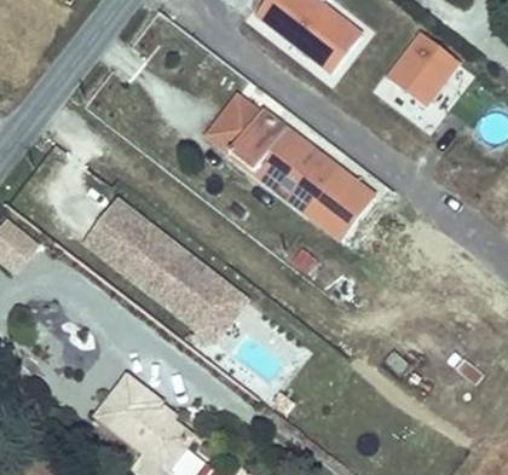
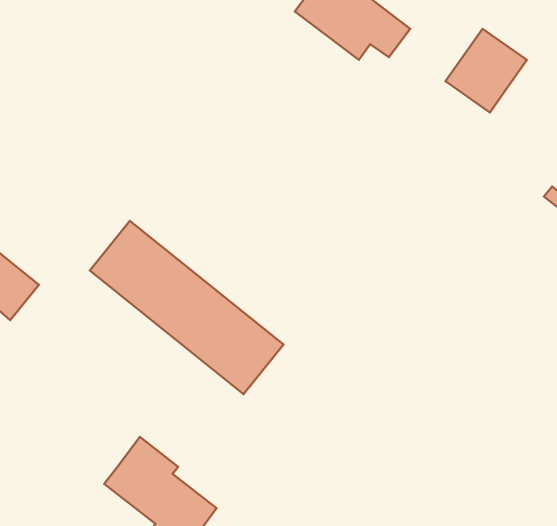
building: [204,94,379,244] -> none

